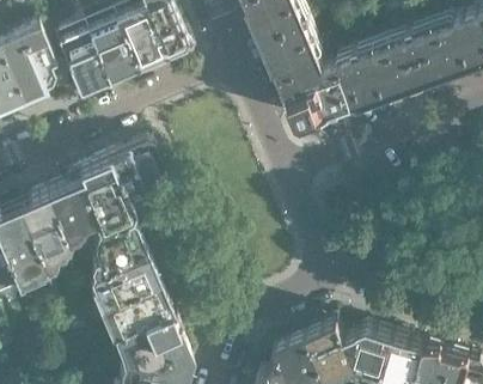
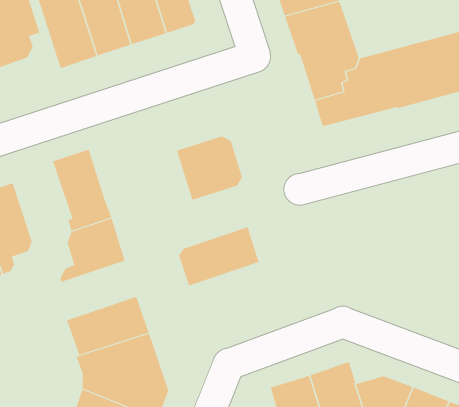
building: [108,144,165,200] -> [176,136,243,201]
building: [47,172,98,238] -> none
building: [90,250,158,304] -> [178,227,260,286]

